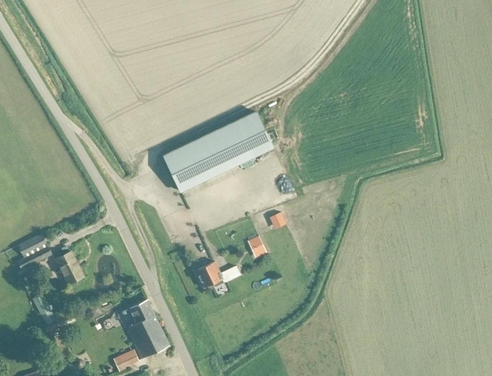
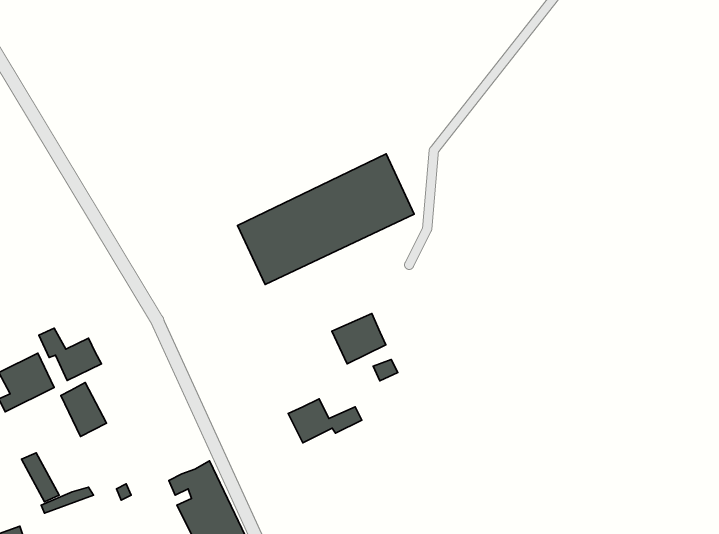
building: none -> [332,313,386,364]
building: none -> [39,328,101,380]

